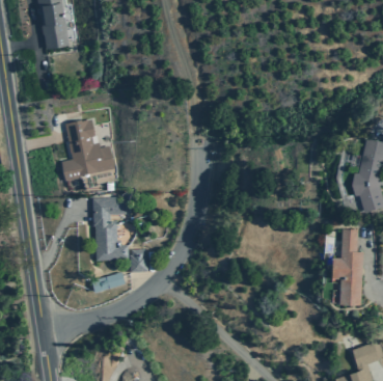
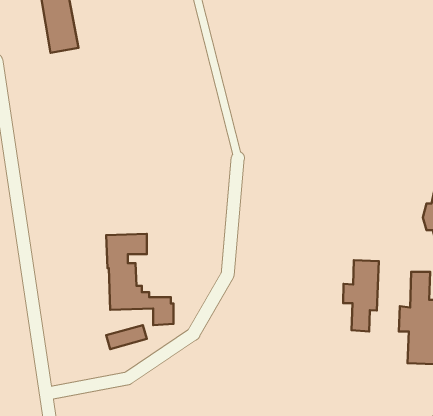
building: [62,119,114,181] -> none
building: none -> [343,260,379,331]

